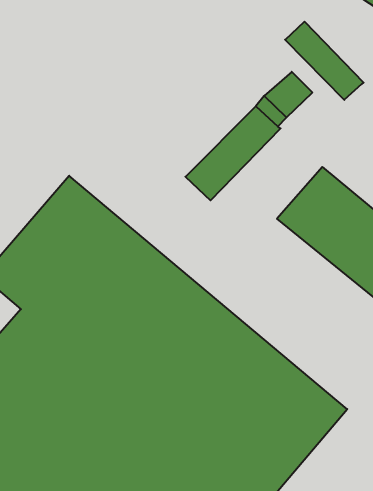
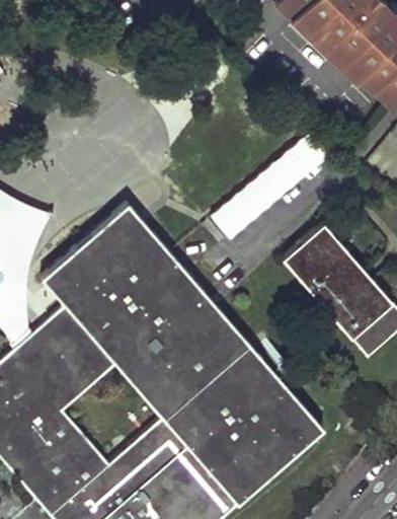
building: [285,22,364,100] -> none

